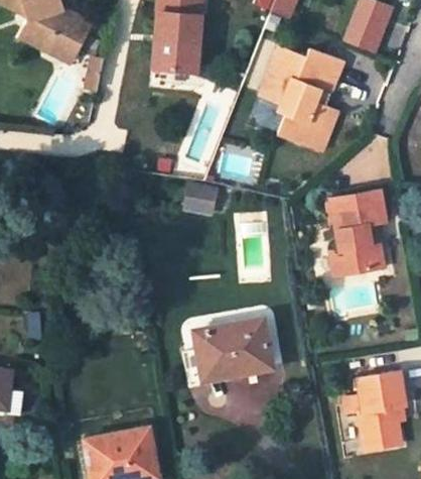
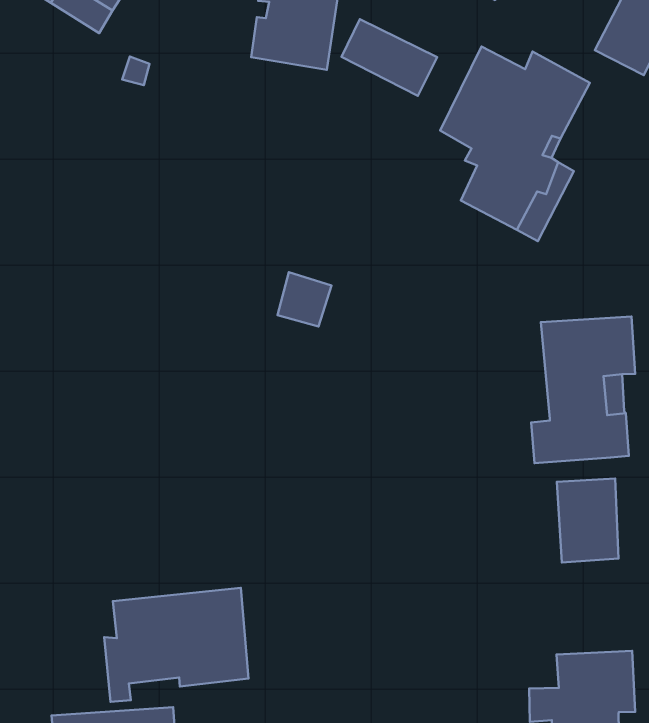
building: none -> [341,19,437,96]
building: none -> [557,478,618,562]
building: [189,316,271,385] -> [104,588,249,702]

